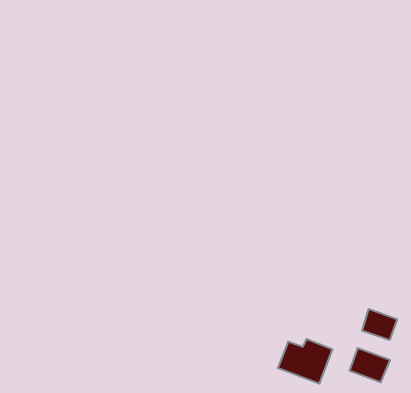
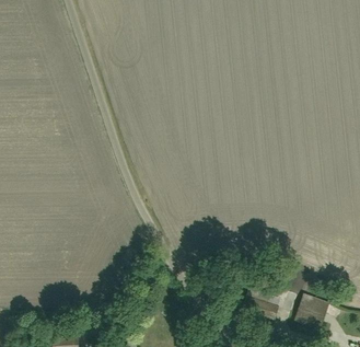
building: [362,309,397,340] -> none

